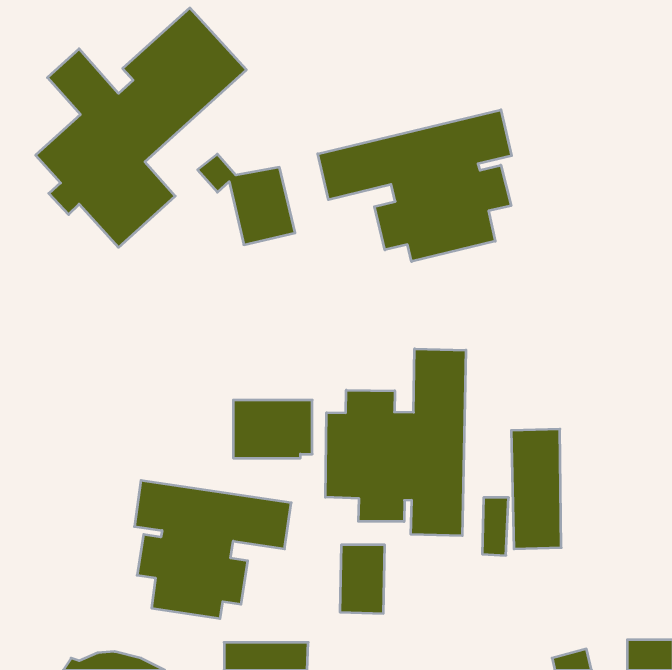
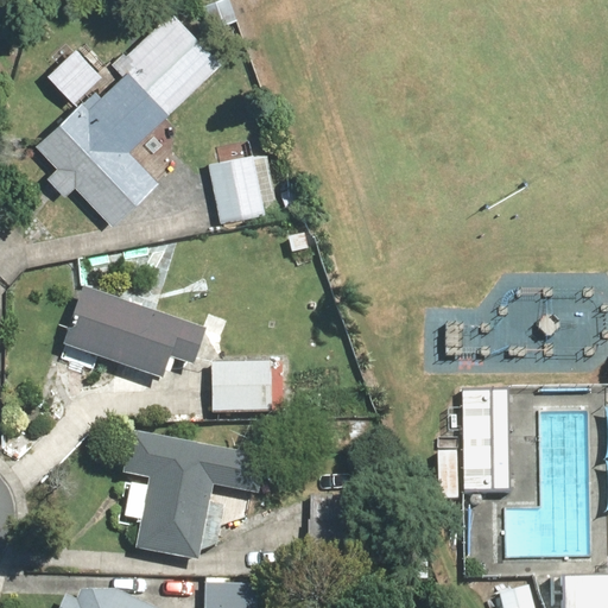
building: [318,110,512,262] -> none
building: none -> [59,289,203,394]
building: [325,349,466,536] -> none

